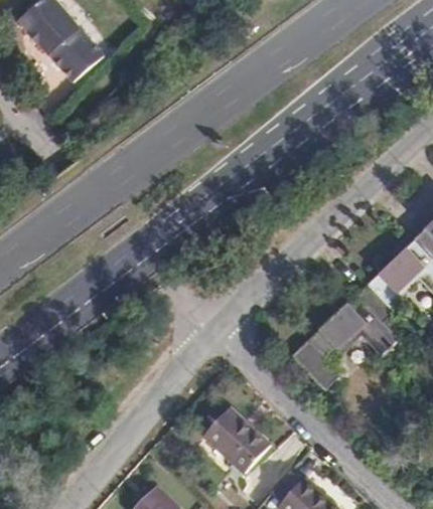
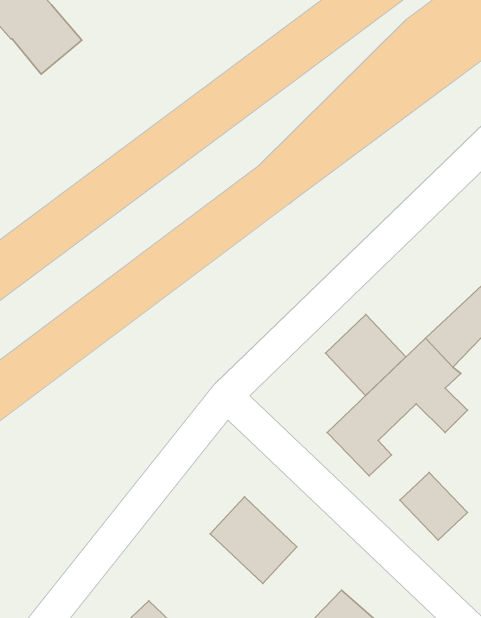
building: none -> [325,314,406,396]
building: none -> [400,473,468,540]

